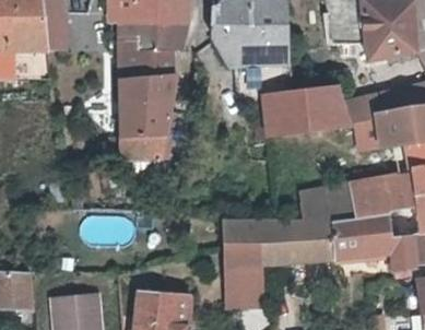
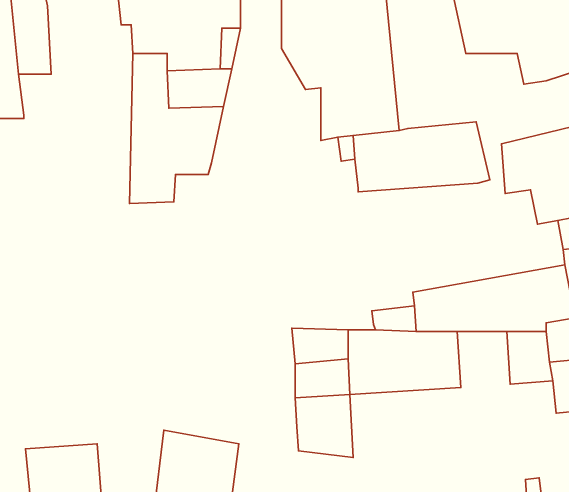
building: [118,119,168,163] -> none
building: [328,220,362,256] -> none

